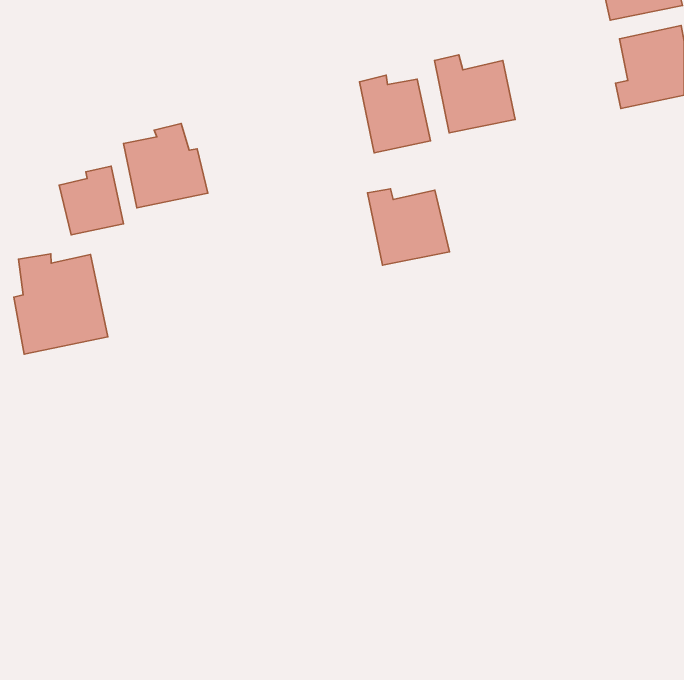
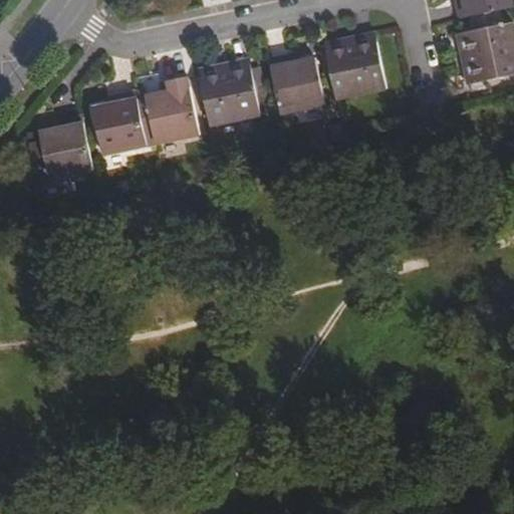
building: none -> [136,79,200,145]
building: [368,189,449,265] -> [199,66,260,123]
building: [14,254,108,354] -> none

